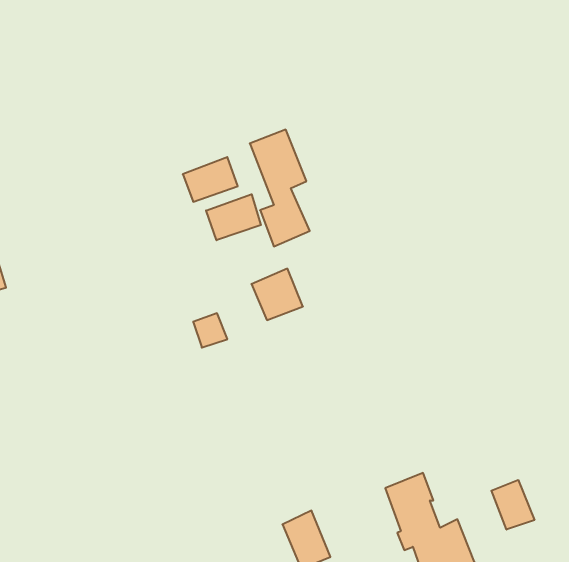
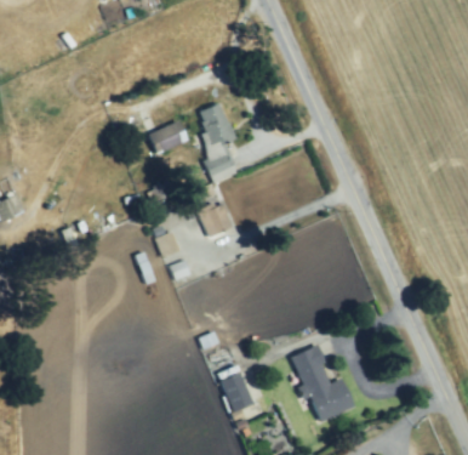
building: [206,194,261,240] -> none
building: [491,480,534,530] -> none

